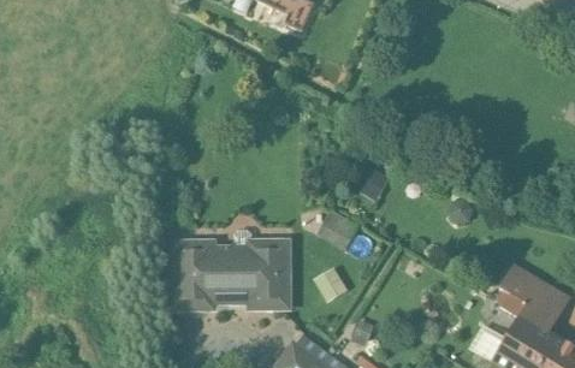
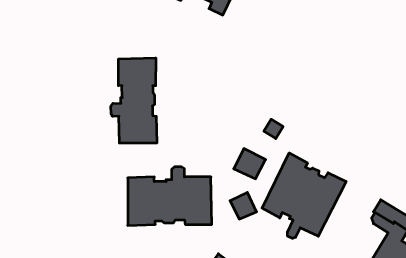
building: none -> [111,58,157,143]
building: none -> [262,153,346,238]

